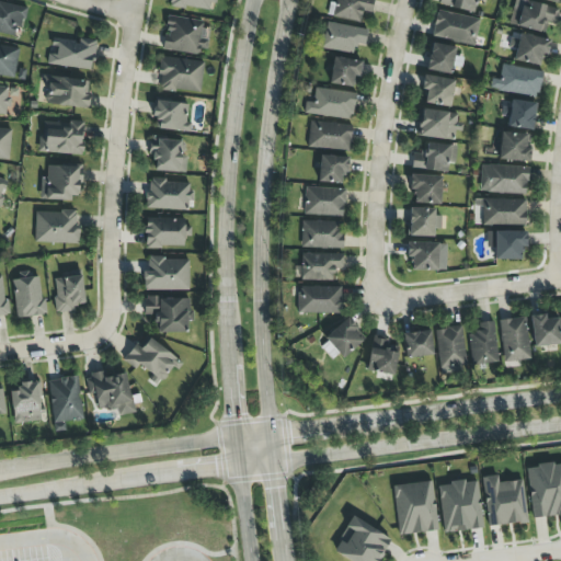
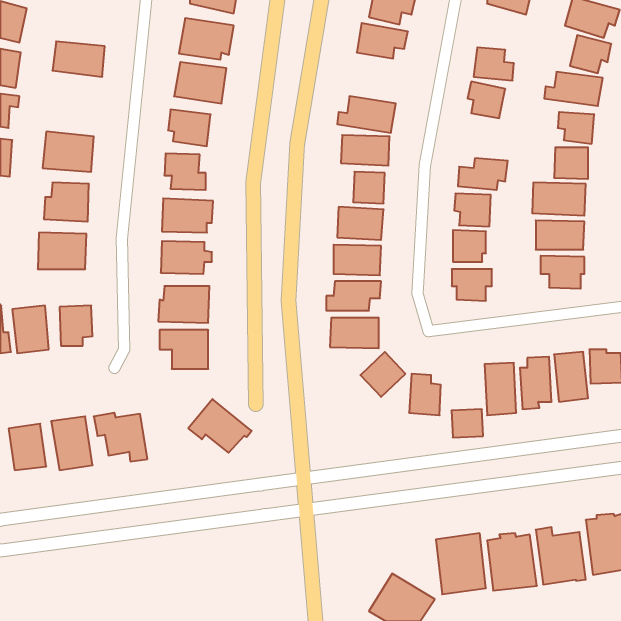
building: [432,9,480,44] -> none
building: [331,57,362,85] -> none
building: [46,77,90,107] -> none
building: [416,108,459,139] -> none
building: [404,331,433,356] -> [451,409,483,437]
building: [124,333,181,381] -> [188,399,252,453]

